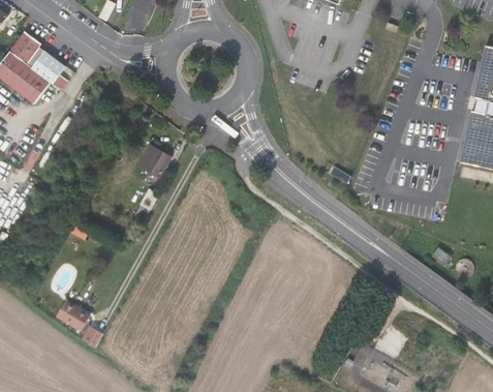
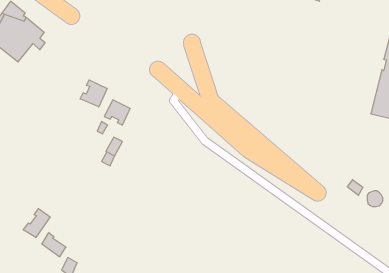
building: none -> [80,80,107,107]
building: none -> [23,209,50,238]

